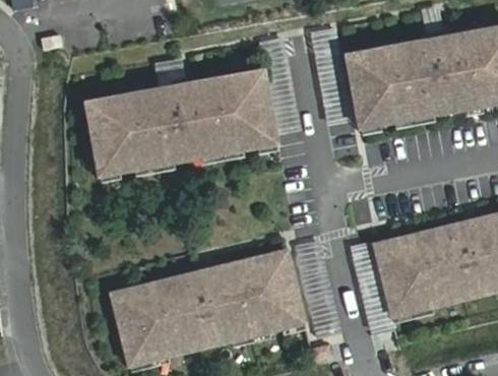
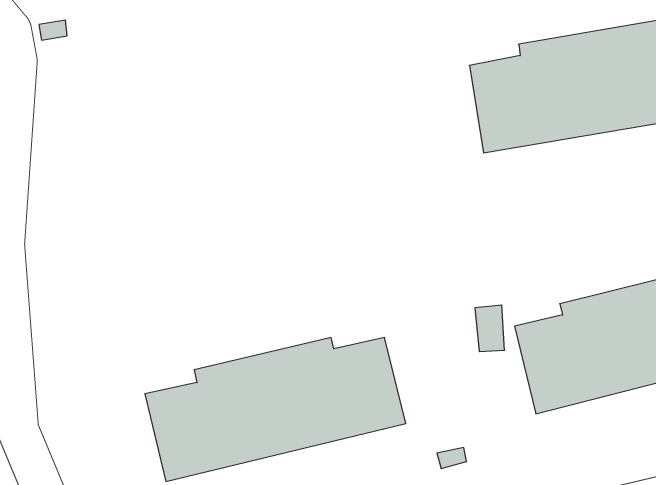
building: [87,78,273,174] -> none

